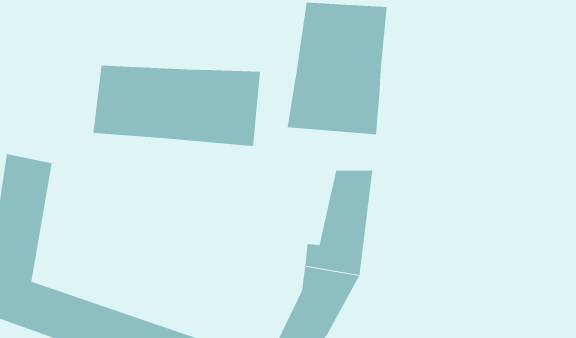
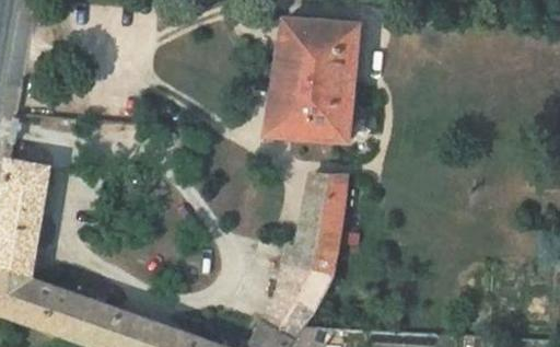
building: [93,65,260,147] -> none

